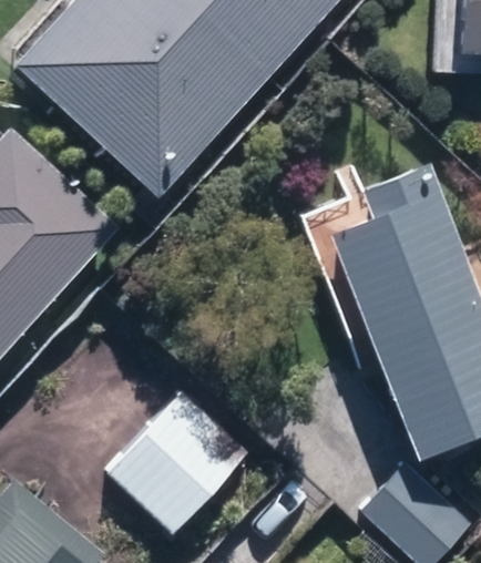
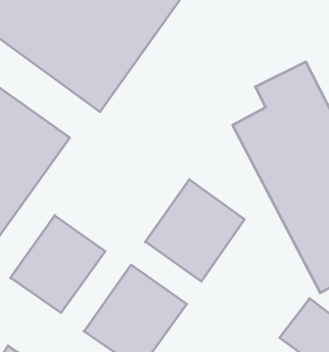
building: none -> [145,179,244,281]
building: none -> [10,215,105,313]

